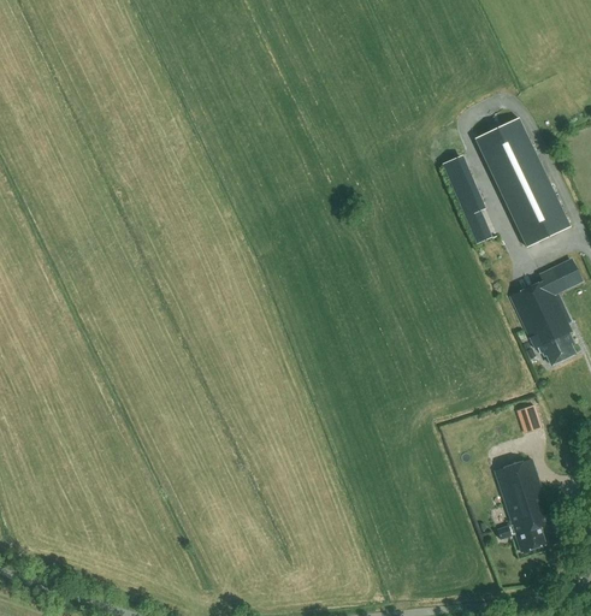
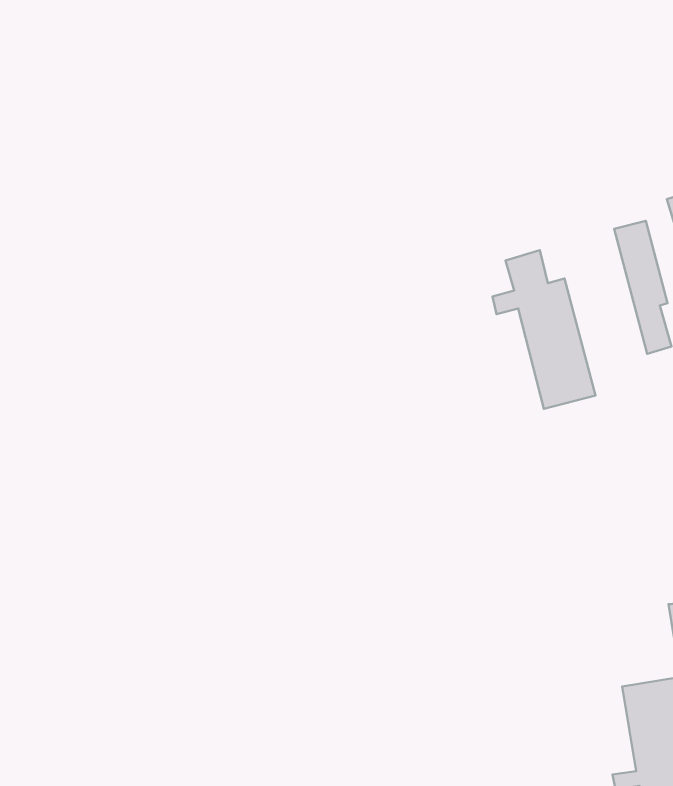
building: none -> [493,250,596,409]

